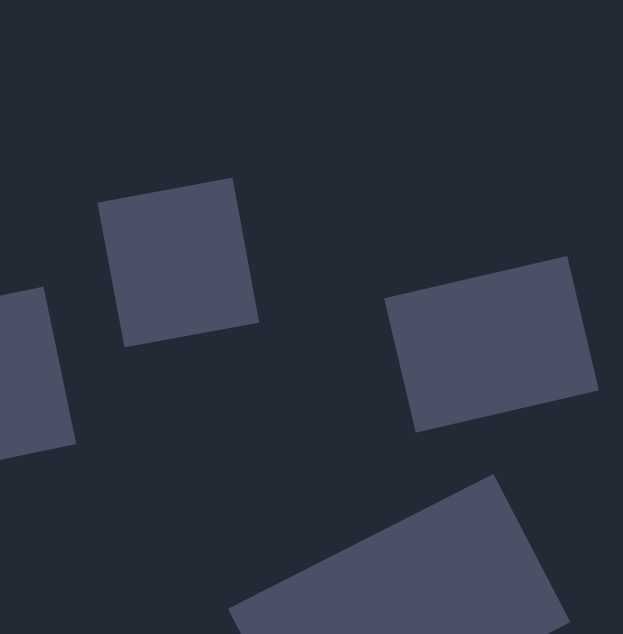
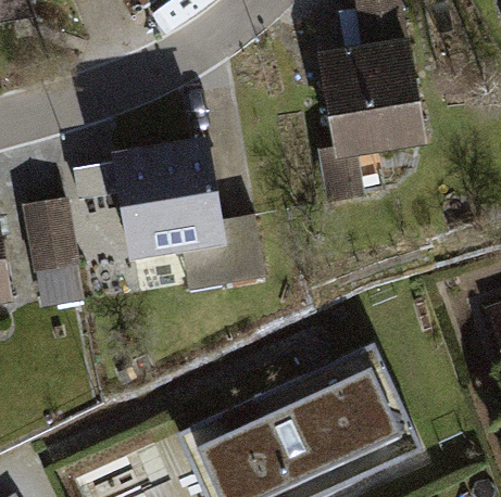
building: none -> [313,38,424,200]
building: [383,255,600,434] -> none

